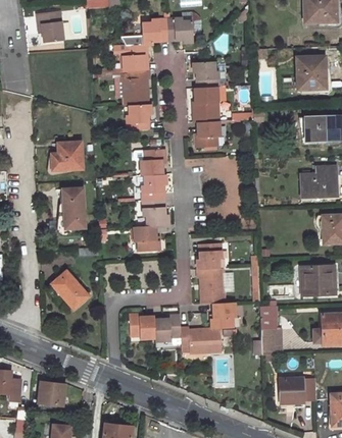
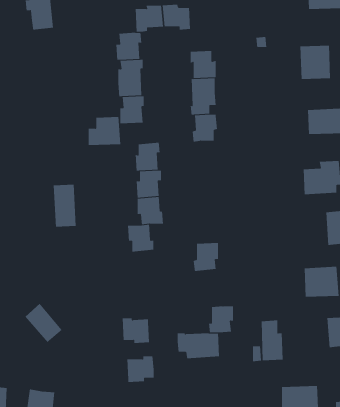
building: [52,143,84,170] -> [88,116,121,146]
building: [197,268,225,304] -> none
building: [53,270,89,308] -> [25,303,62,343]
building: [154,315,181,340] -> [126,356,154,383]

